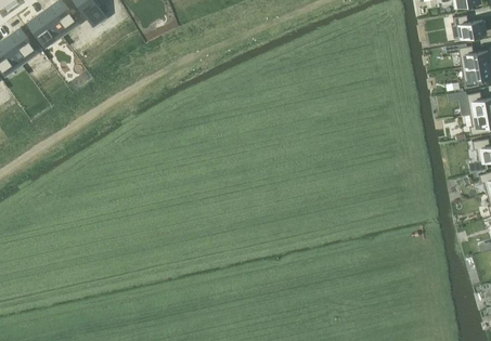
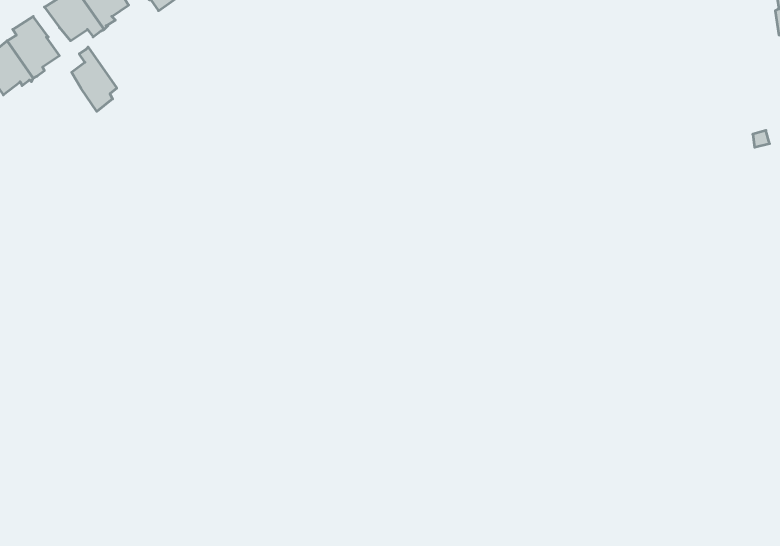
building: none -> [72,47,117,111]

